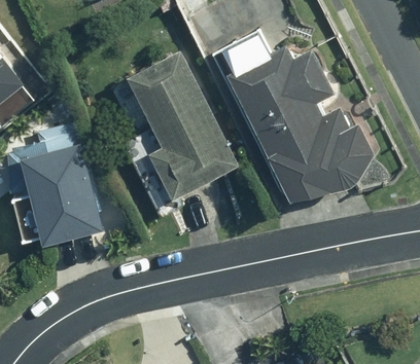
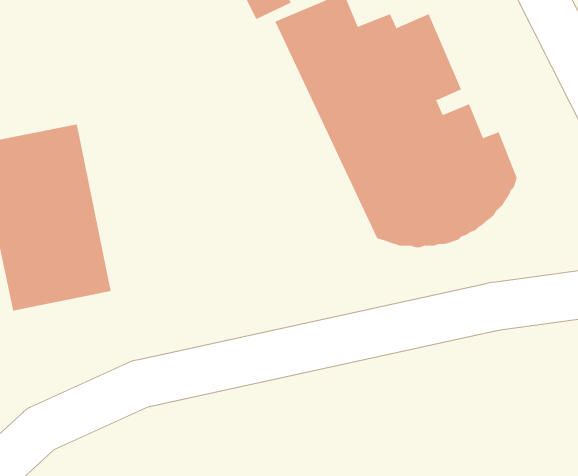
building: [126,51,239,203] -> none

